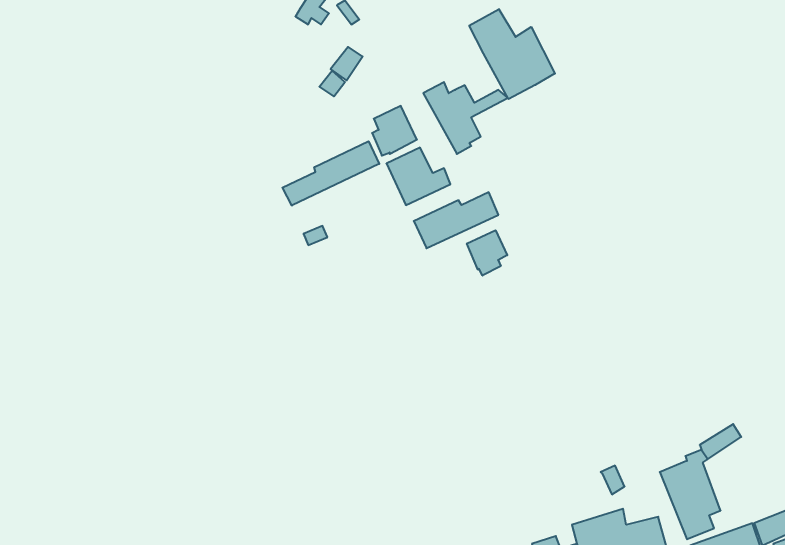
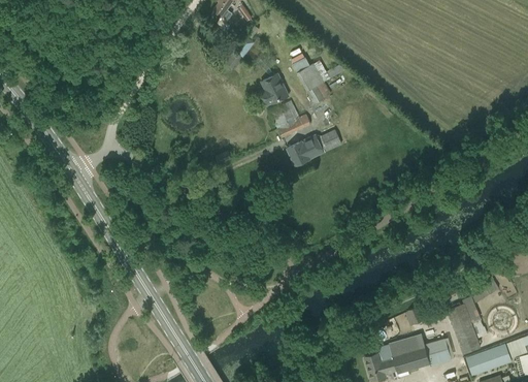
building: [469,9,555,99] -> none
building: [282,141,379,206] -> none
building: [467,230,507,276] -> none

